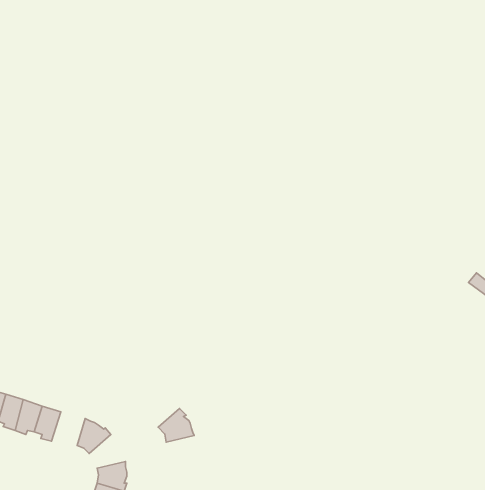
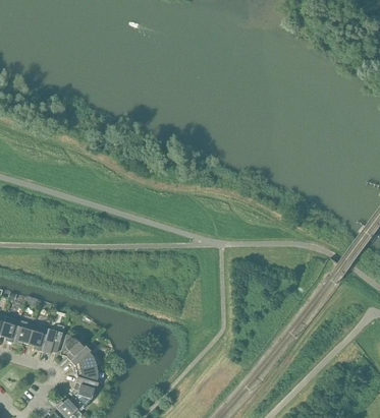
building: none -> [41,325,64,355]
building: [158,408,194,442] -> [69,347,97,372]

